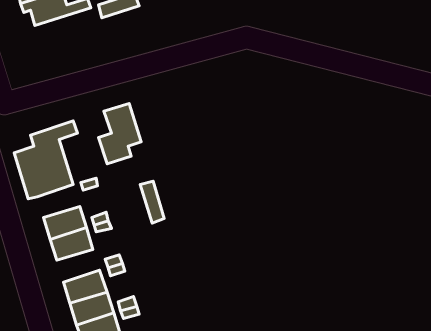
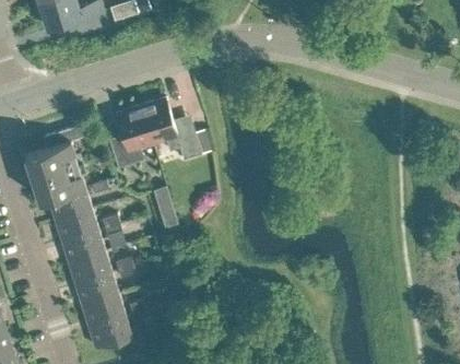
building: none -> [141,98,211,160]
building: none -> [49,187,92,220]
building: none -> [69,251,111,284]

